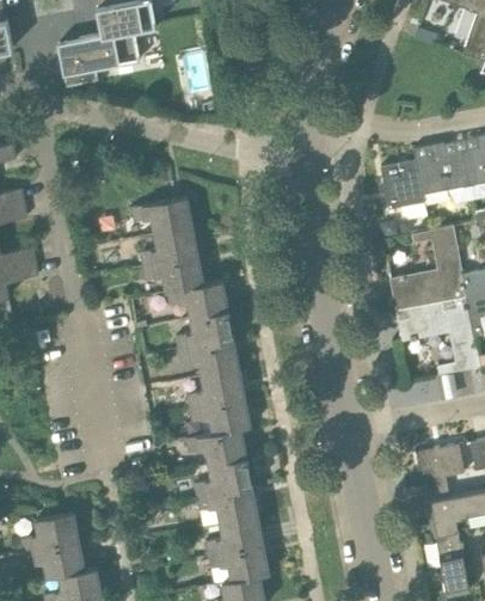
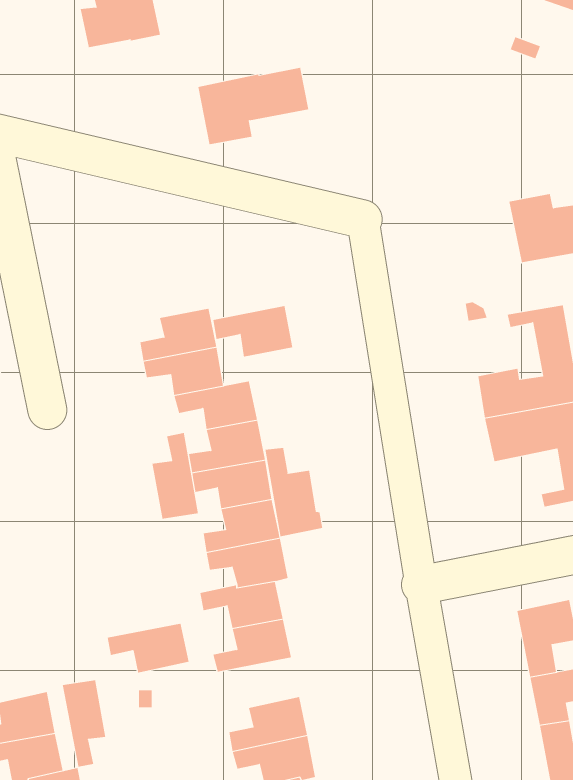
building: [57,30,140,87] -> [198,67,309,145]
building: [381,160,426,221] -> none
building: [133,197,192,235] -> [212,305,293,357]
building: none -> [152,432,198,520]
building: none -> [265,447,323,537]
building: [198,486,259,523] -> [107,623,189,673]
building: none -> [62,679,106,768]

